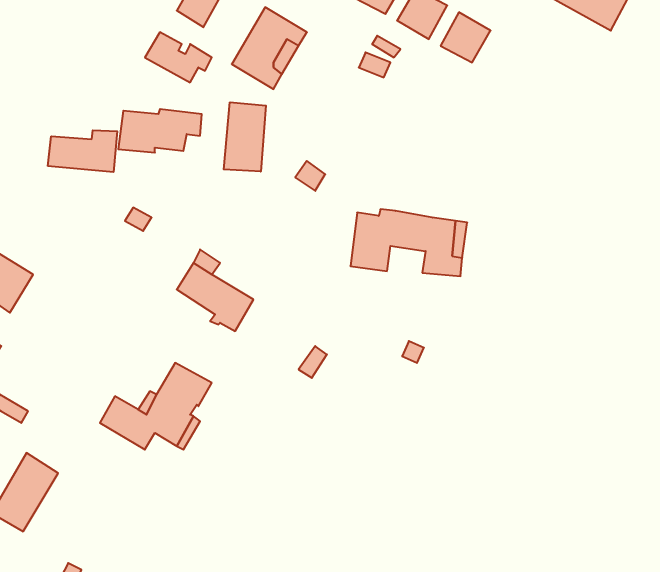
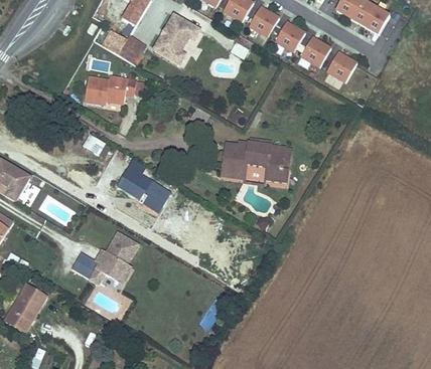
building: none -> [302,35,332,65]
building: none -> [328,49,357,79]
building: [224,102,266,172] -> none
building: [48,130,117,172] -> none

